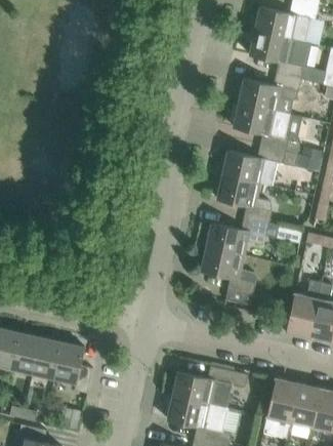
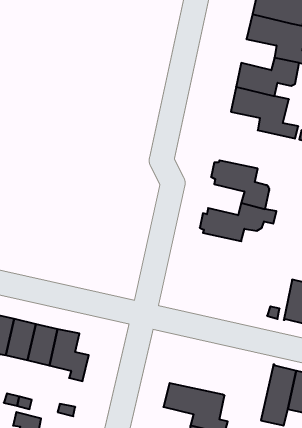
building: [219,146,297,186] -> none
building: [201,247,257,306] -> none
building: [173,366,248,407] -> none

